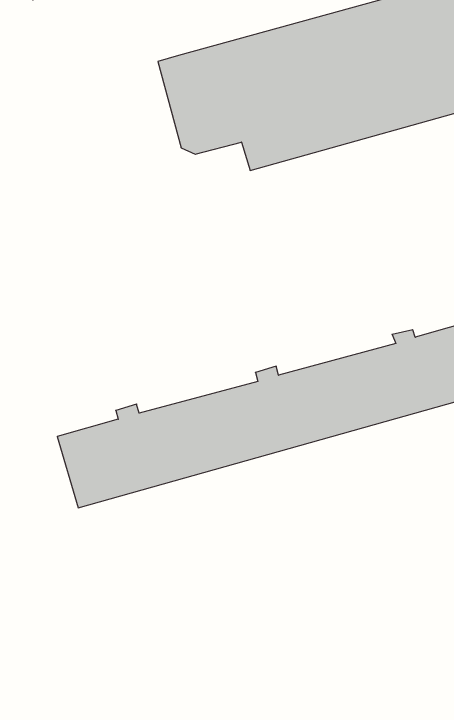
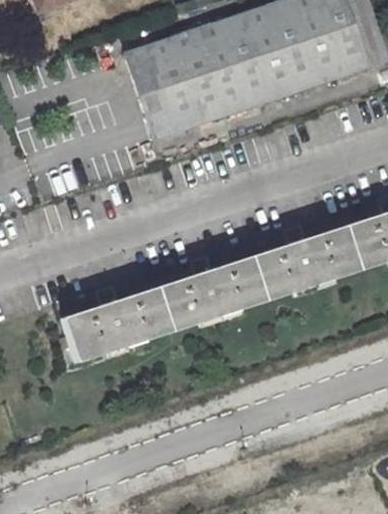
building: none -> [147,105,195,138]

